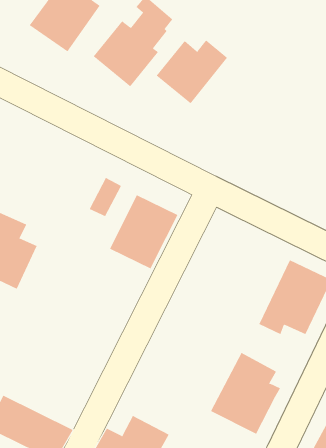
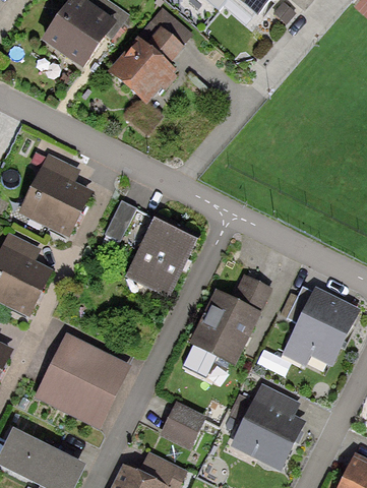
building: [156,39,228,104] -> none
building: none -> [19,154,90,236]
building: none -> [183,272,272,382]
building: none -> [35,331,131,428]
building: none -> [160,400,208,449]

